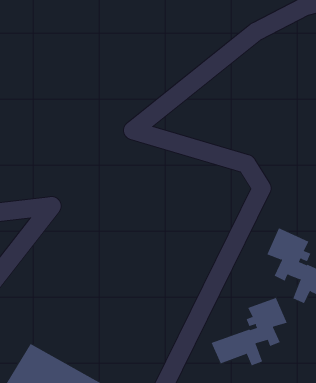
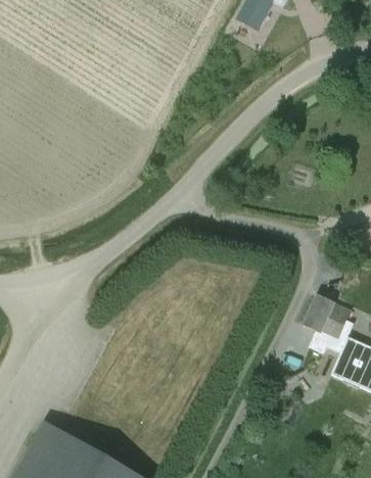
building: [211,297,287,366] -> none

